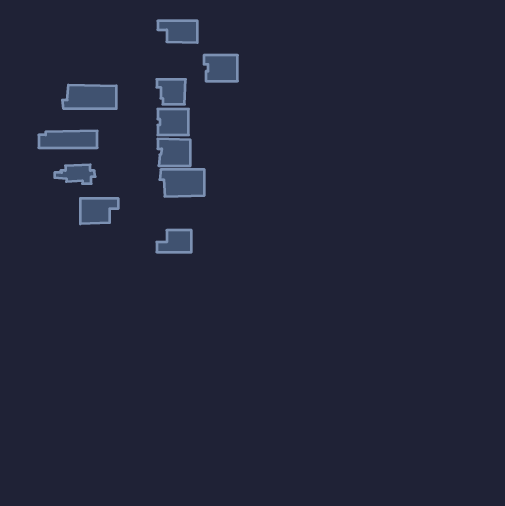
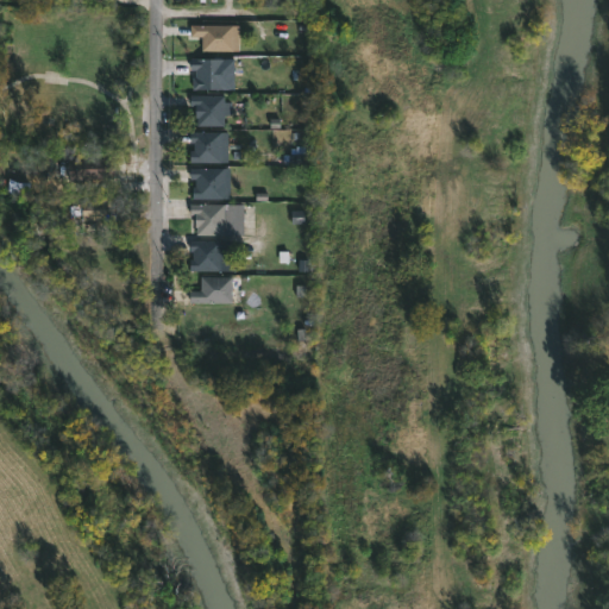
building: [204,55,238,81] -> [192,59,232,90]
building: [62,85,116,109] -> none
building: [80,198,118,224] -> none
building: none -> [190,241,233,272]

